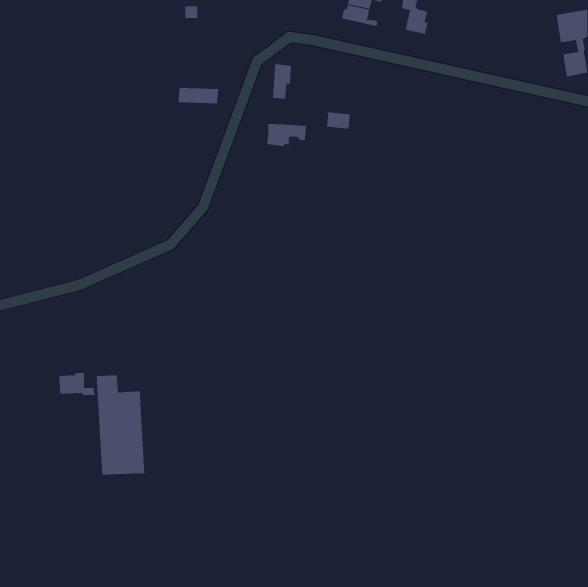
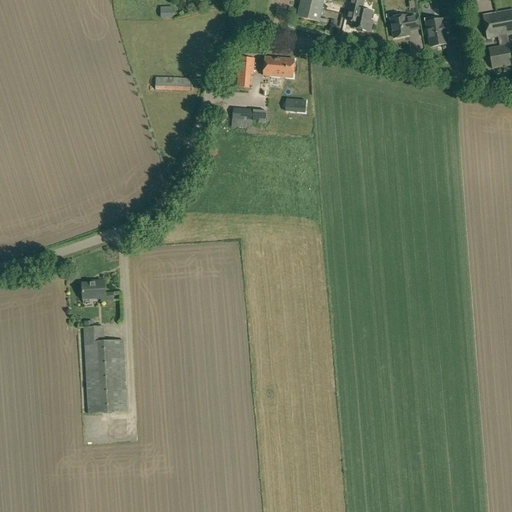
building: none -> [390,14,418,37]
building: none -> [424,16,454,45]
building: none -> [262,56,294,76]
building: [58,372,95,395] -> [81,279,113,299]

